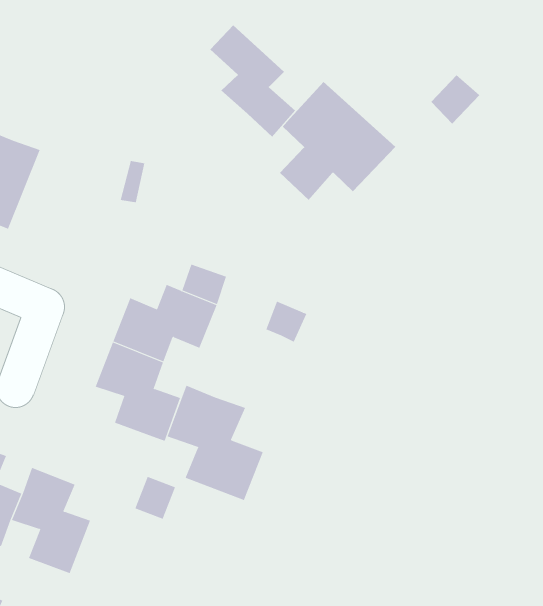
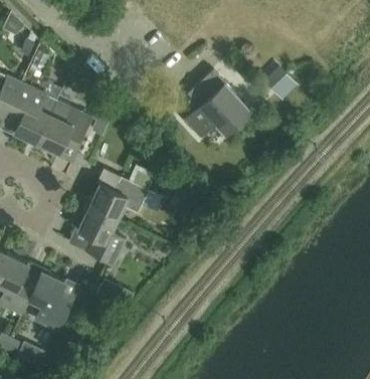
building: [210,25,296,138] -> none
building: none -> [36,100,94,152]
building: [167,385,263,501] -> none

